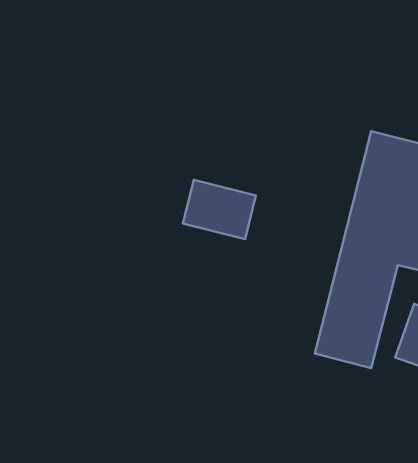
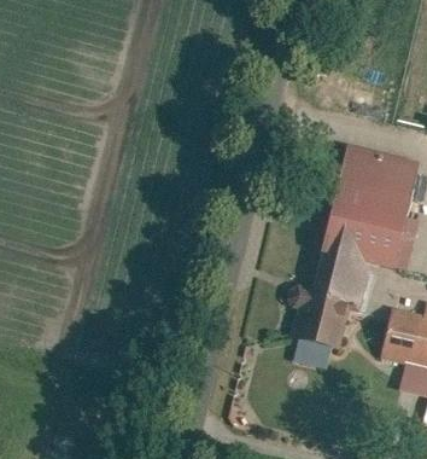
building: [183,180,256,239] -> none

